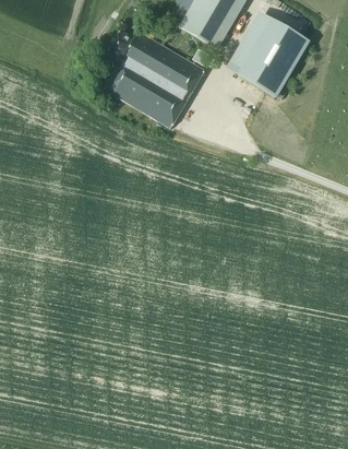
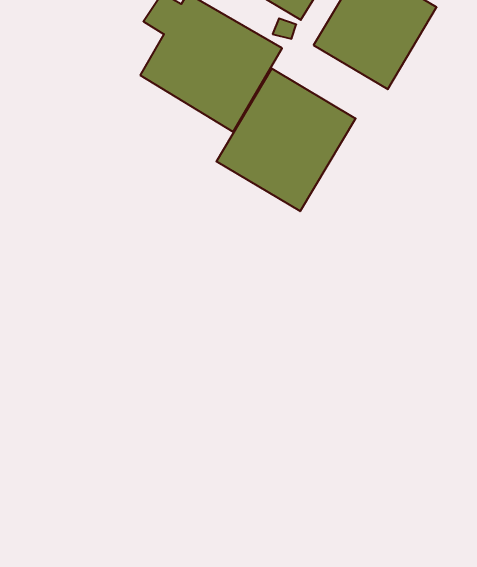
building: none -> [216,69,356,211]

